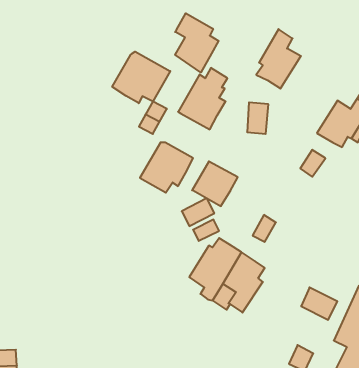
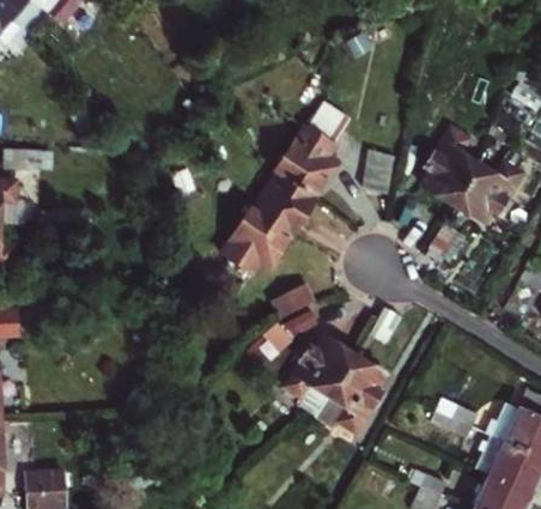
building: [175,13,219,72] -> none
building: [256,29,301,89] -> [419,121,476,198]
building: [112,52,170,103] -> none
building: [192,161,238,206] -> [254,172,312,230]

